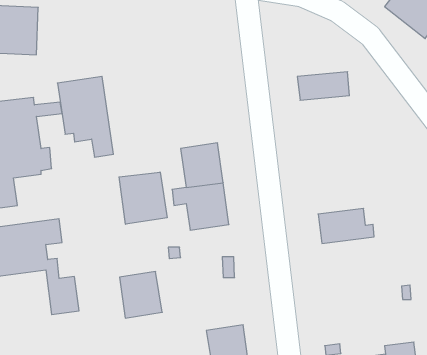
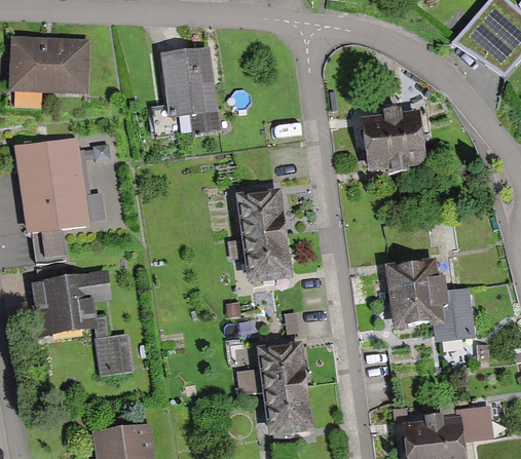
building: [57,76,113,157] -> [160,44,221,131]
building: none -> [367,138,423,169]
building: [119,172,167,224] -> none
building: none -> [390,289,471,338]
building: [120,272,162,318] -> [259,342,305,392]

